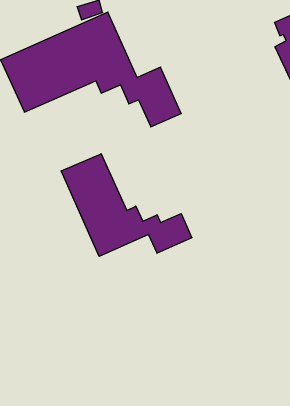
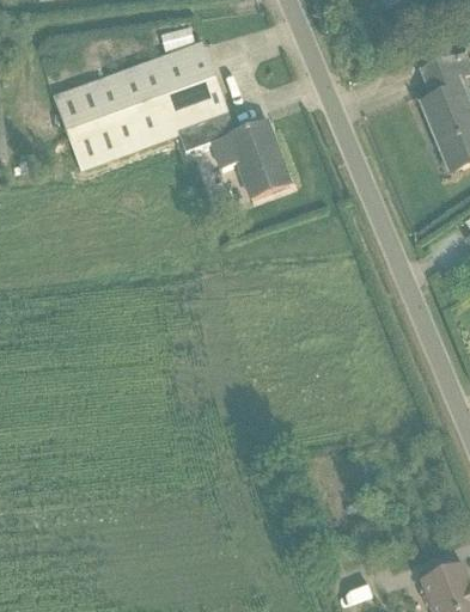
building: [61,154,192,256] -> none

